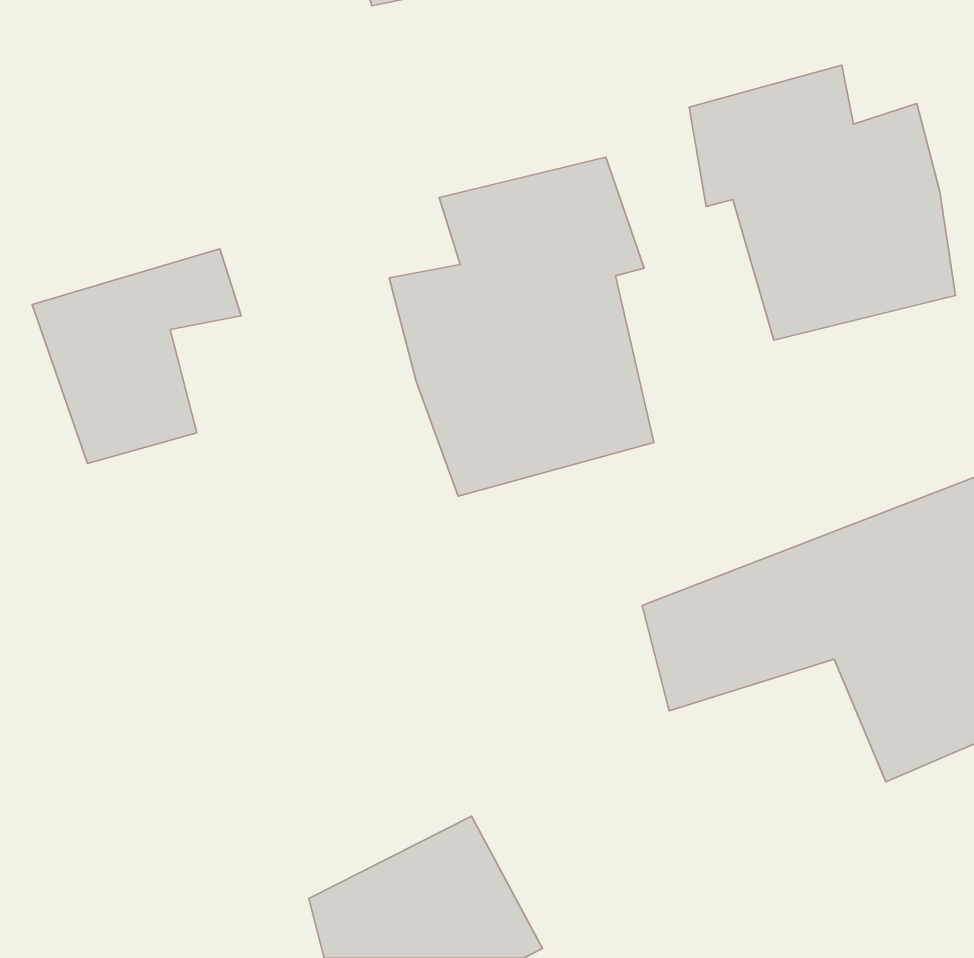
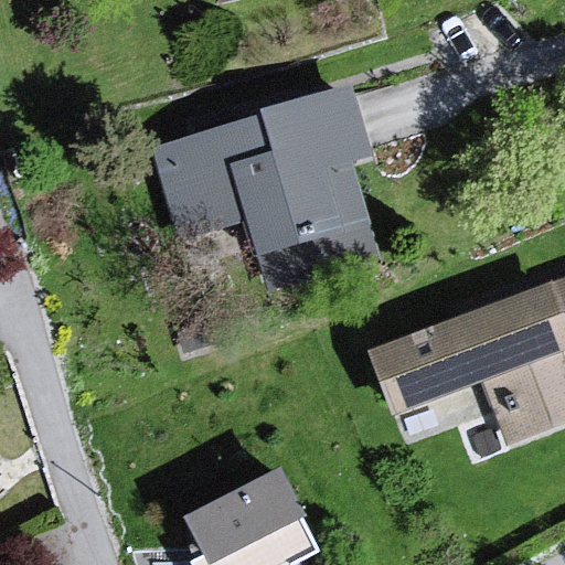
building: [689,65,955,340] -> none
building: [32,249,241,463] -> [148,114,268,237]

